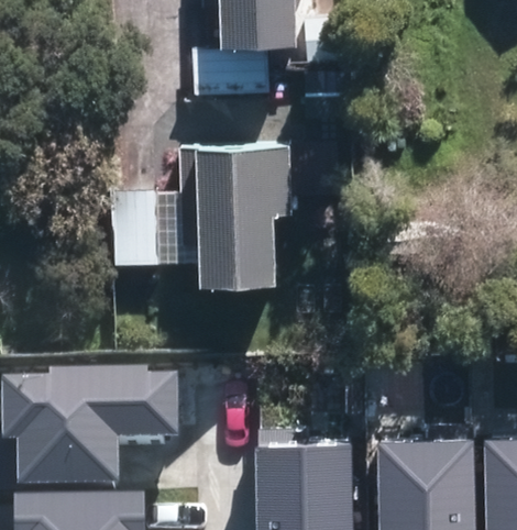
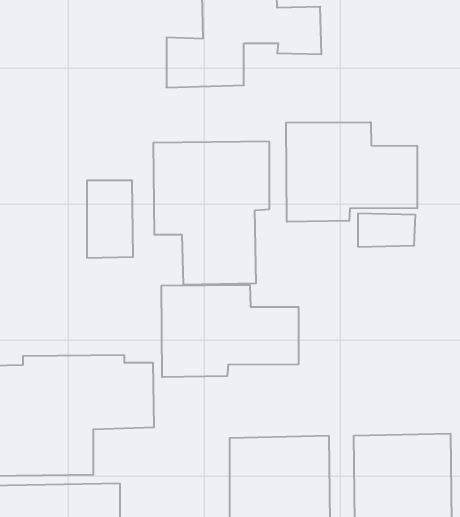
building: none -> [286,122,417,222]
building: none -> [161,285,298,377]

